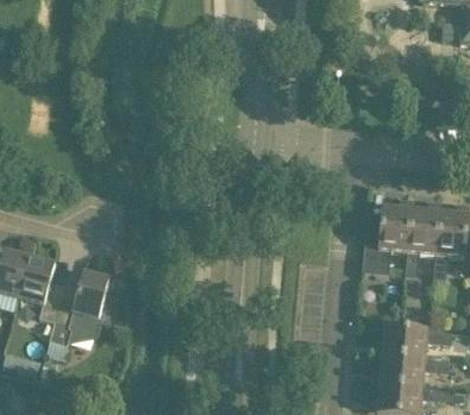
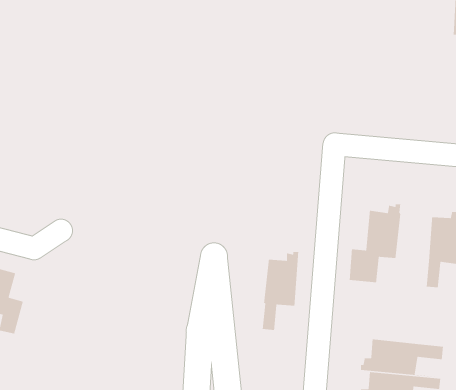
building: [407,202,441,276] -> [262,251,299,331]
building: [50,271,109,345] -> none

